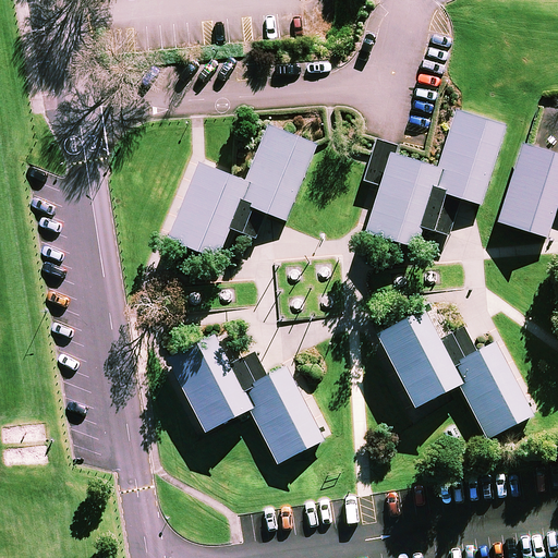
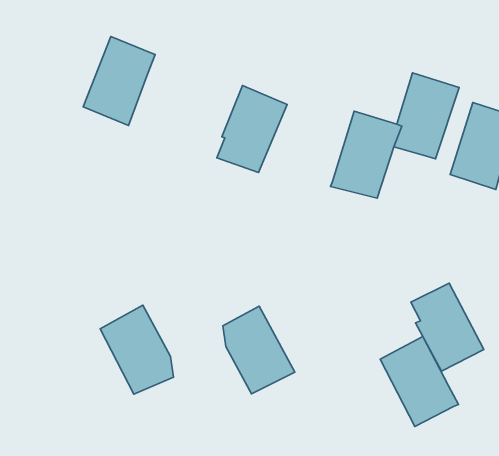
building: [169,161,248,259] -> [83,37,155,126]
building: [378,307,464,407] -> [380,336,458,426]
building: [169,331,250,429] -> [100,305,173,394]

